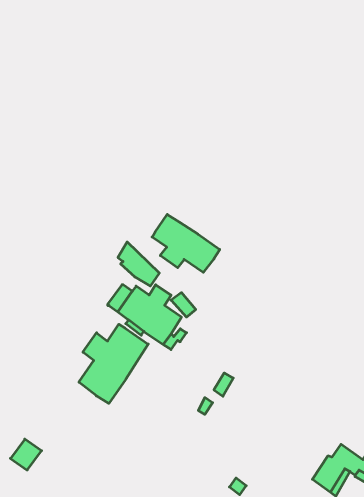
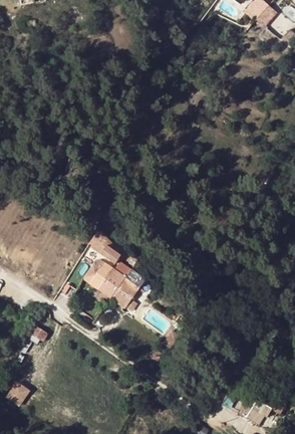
building: [152,214,220,272] -> none
building: [79,324,148,403] -> none

